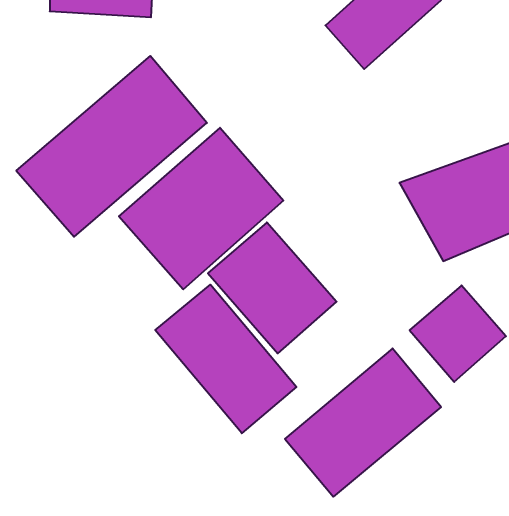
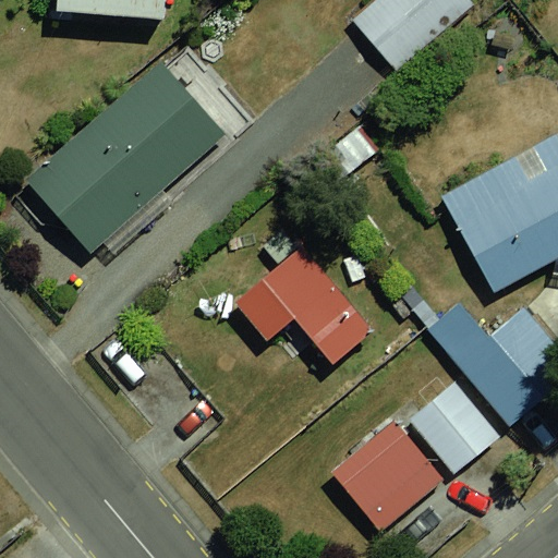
building: [119,128,283,289] -> none
building: [155,285,296,433] -> none

